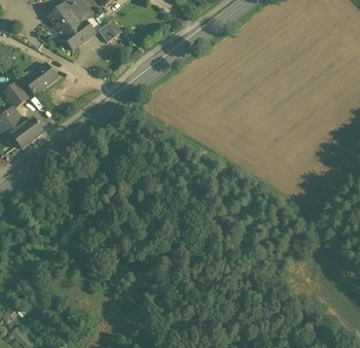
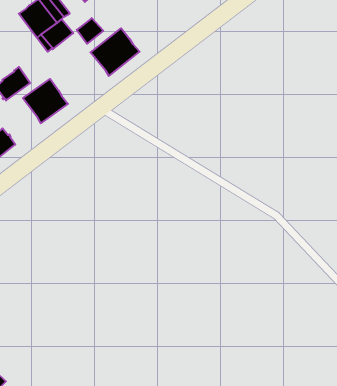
building: none -> [90,28,140,76]
building: none -> [23,79,68,123]

